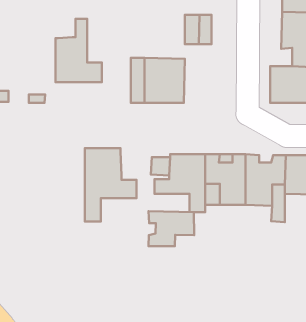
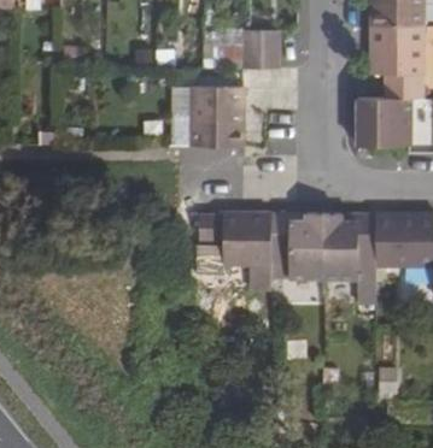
building: [56,19,102,82] -> none
building: [85,148,137,222] -> none
building: [149,211,194,246] -> none

